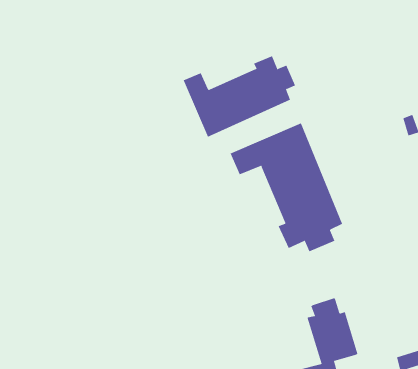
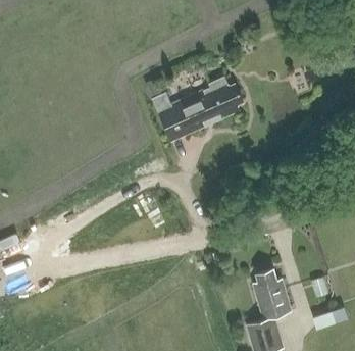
building: [230,122,343,252] -> none

